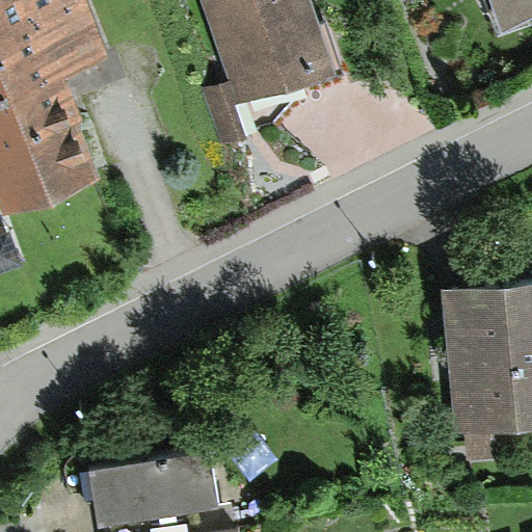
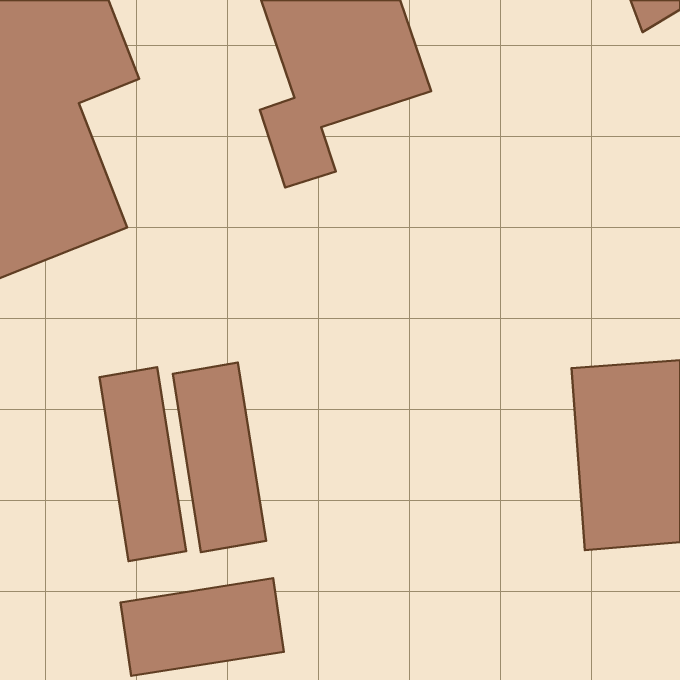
building: none -> [173,362,266,552]
building: none -> [99,367,186,561]

